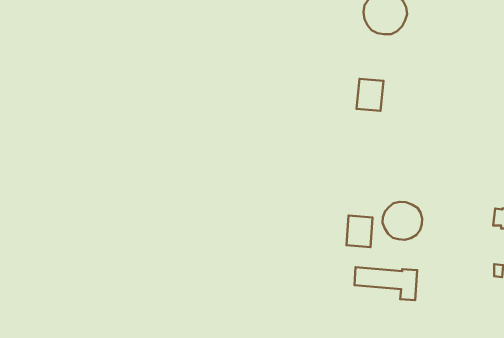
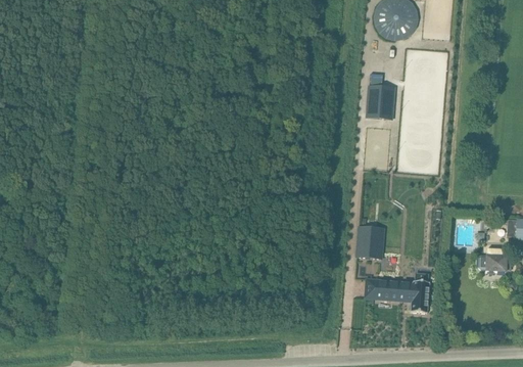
building: [382,202,422,240] -> none
building: none -> [478,248,511,273]

